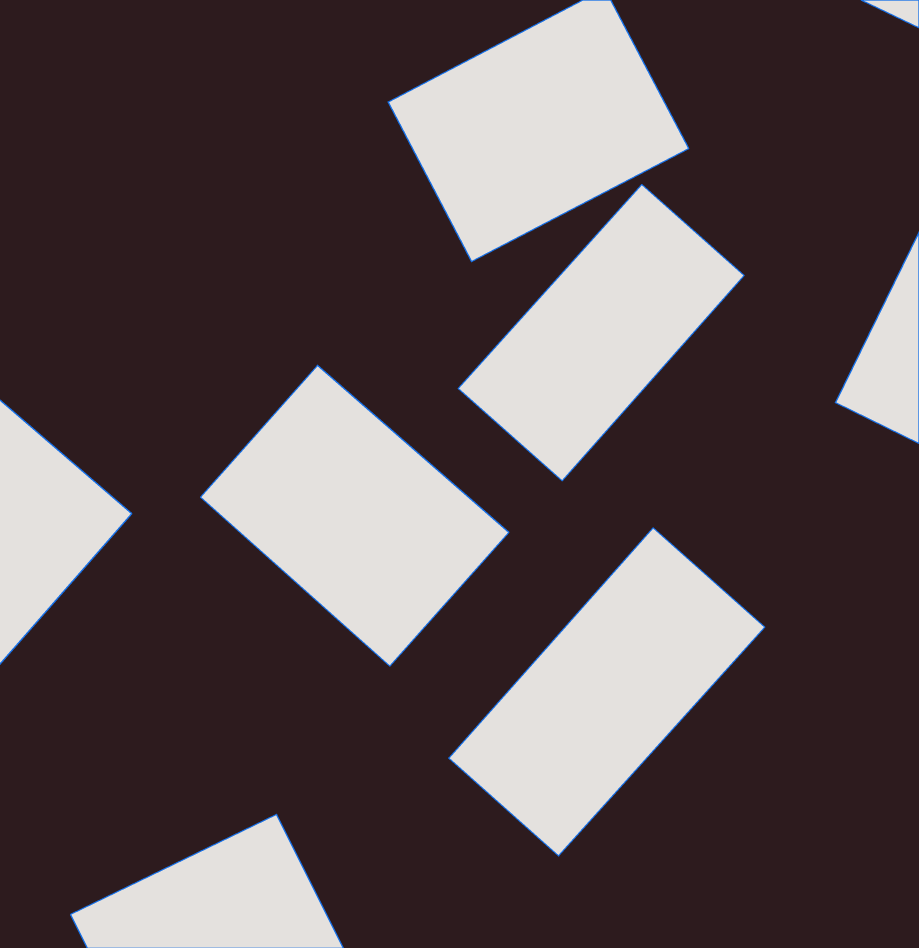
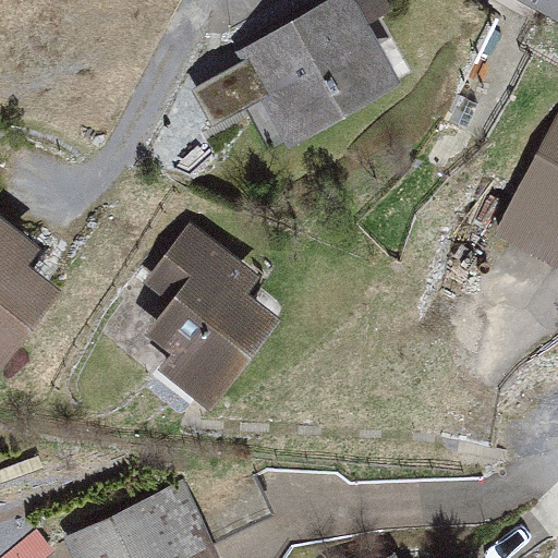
building: [458,185,744,481] -> none
building: [449,528,765,856] -> none

